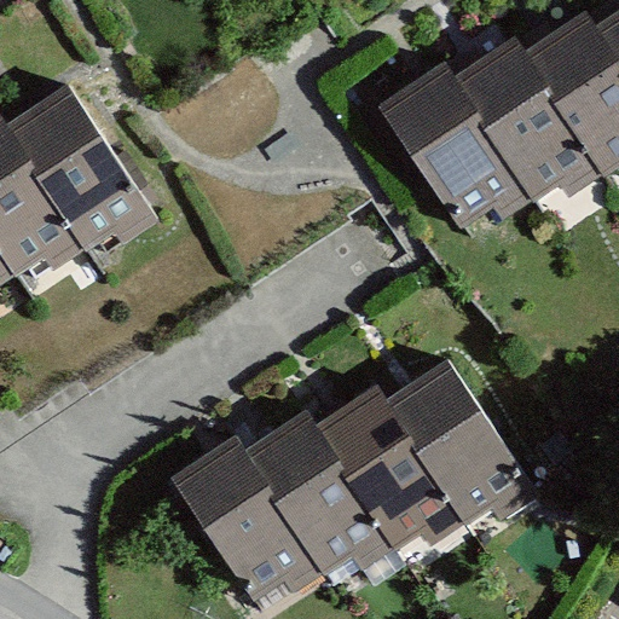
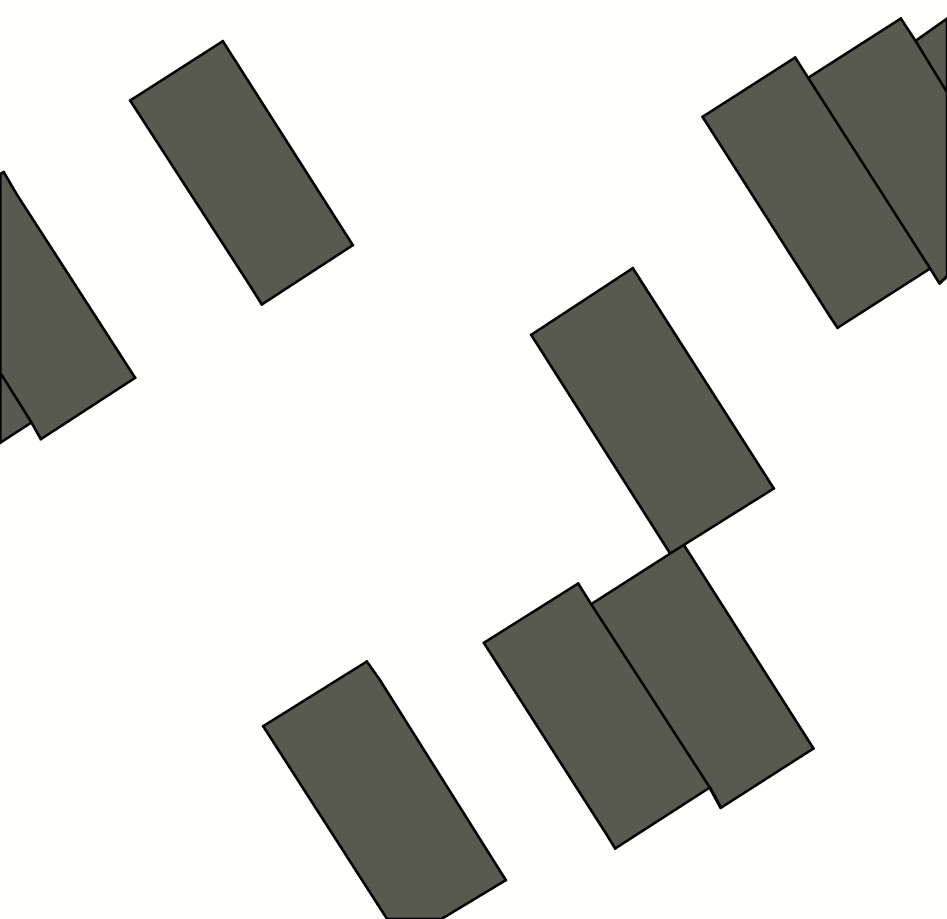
building: [383,63,542,249] -> [531,268,774,553]
building: [11,88,156,260] -> [130,41,353,304]
building: [248,406,395,582] -> none

